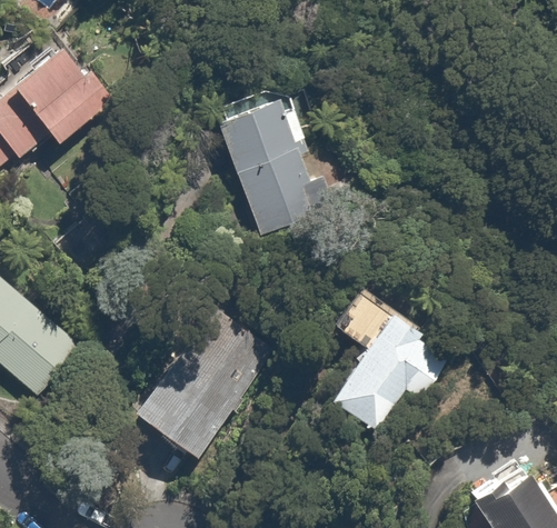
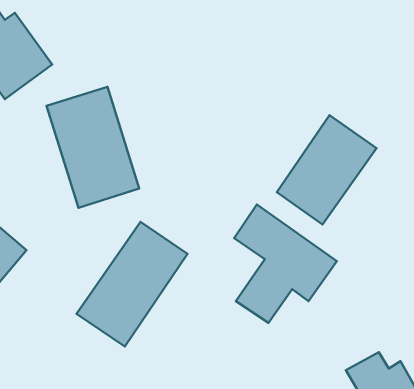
building: [213,84,327,232] -> [47,87,139,208]
building: none -> [277,115,377,225]

